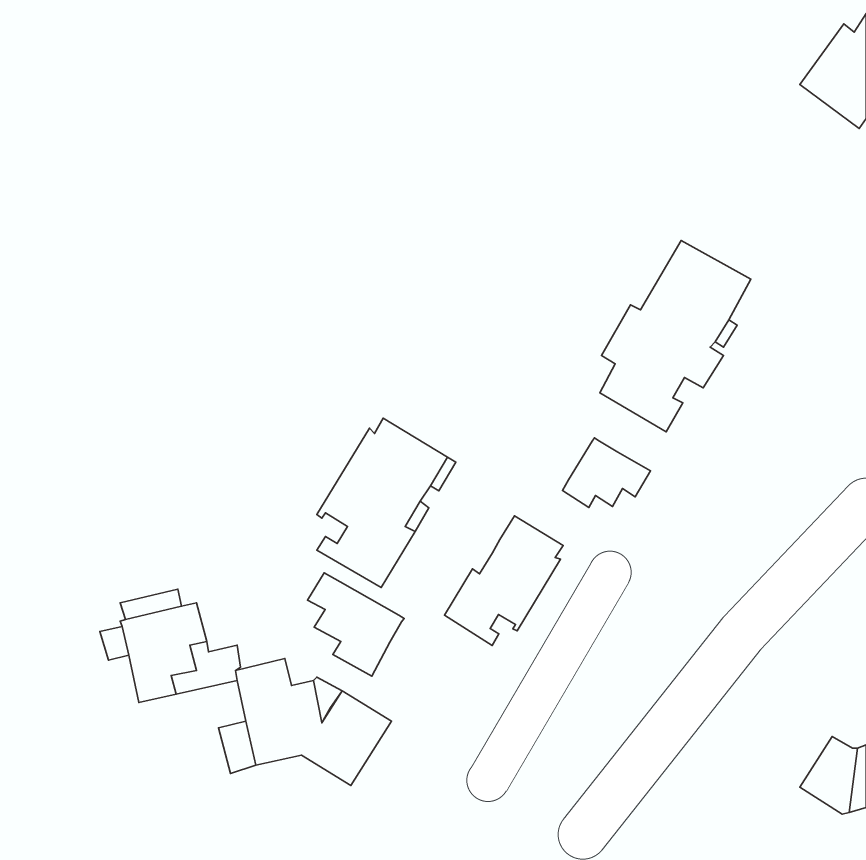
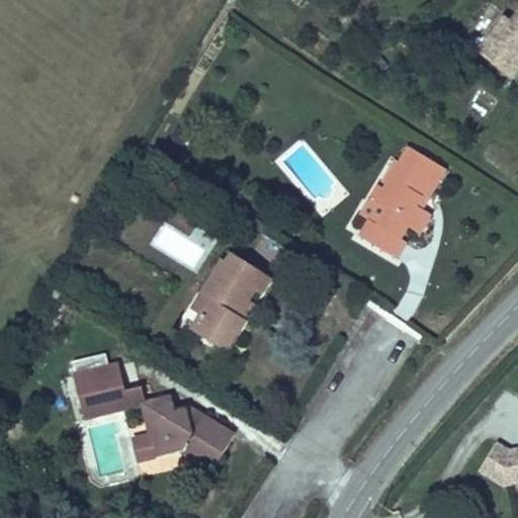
building: [562,438,650,507] -> none
building: [445,516,563,645] -> none
building: [307,573,404,676] -> none

